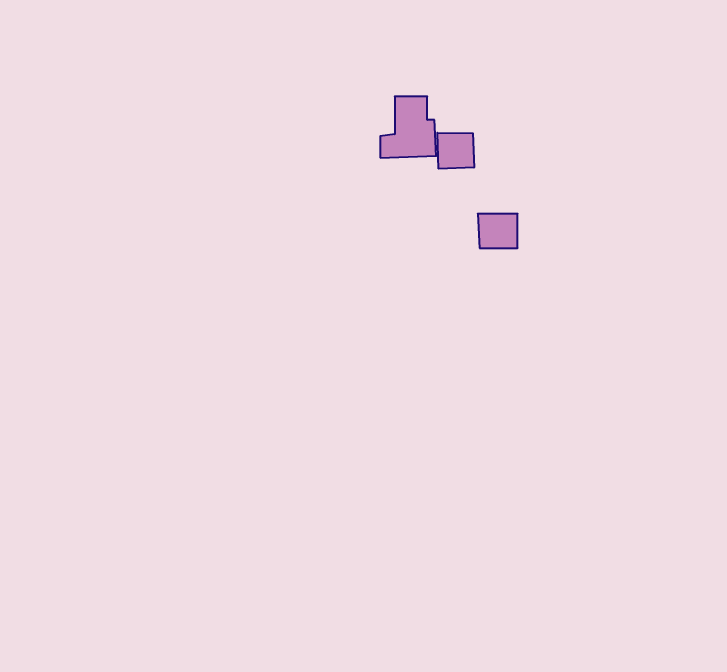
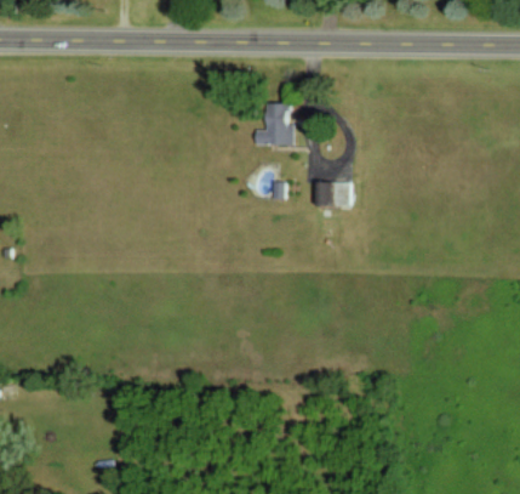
building: [437,133,474,169] -> none

